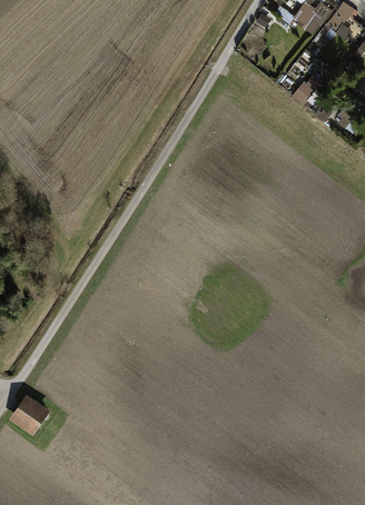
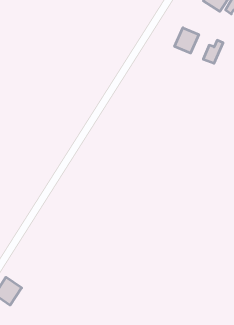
building: none -> [175,28,199,53]

